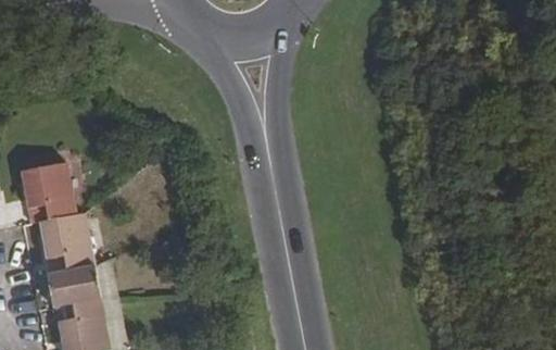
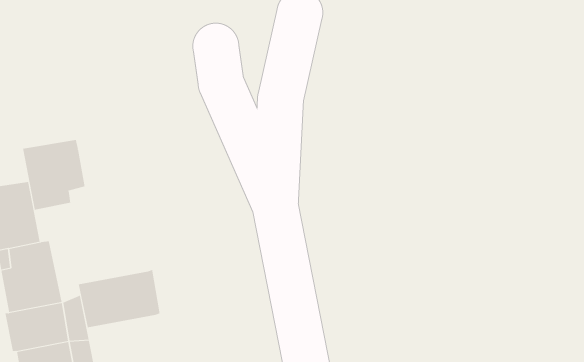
building: none -> [23,139,85,211]
building: none -> [78,269,160,328]

